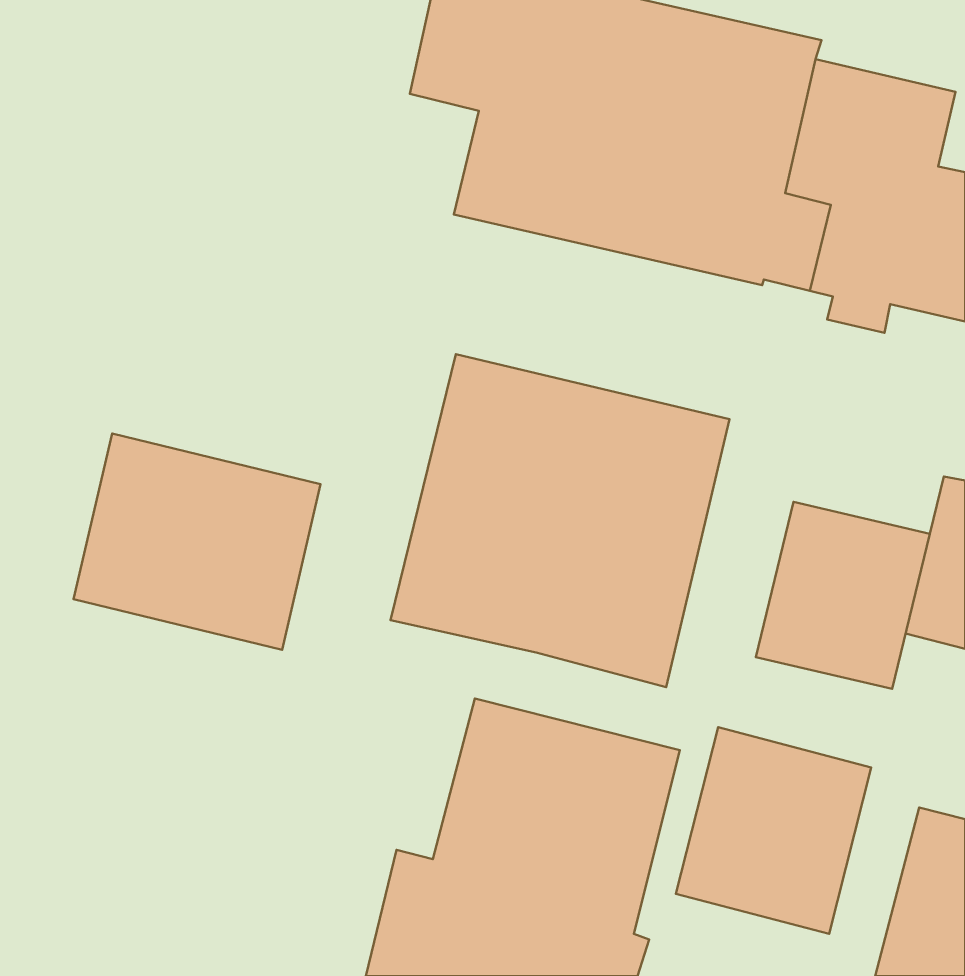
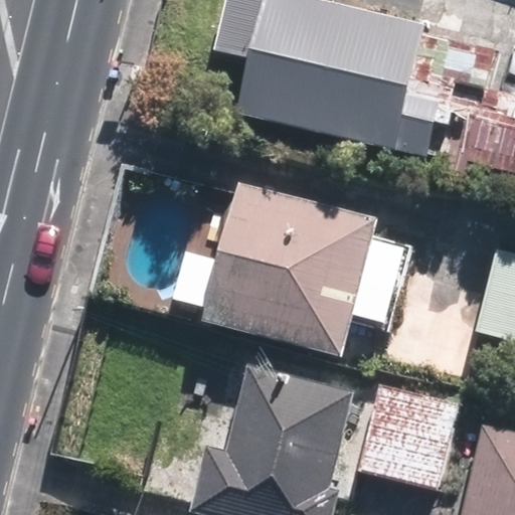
building: [74,433,321,650] -> none
building: [756,502,930,689] -> none

